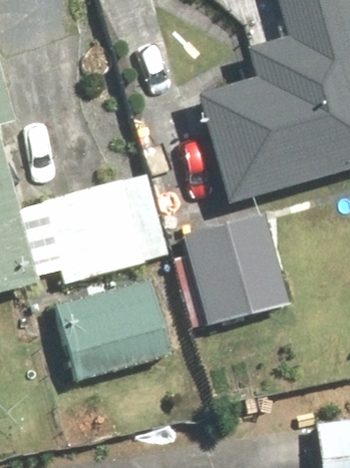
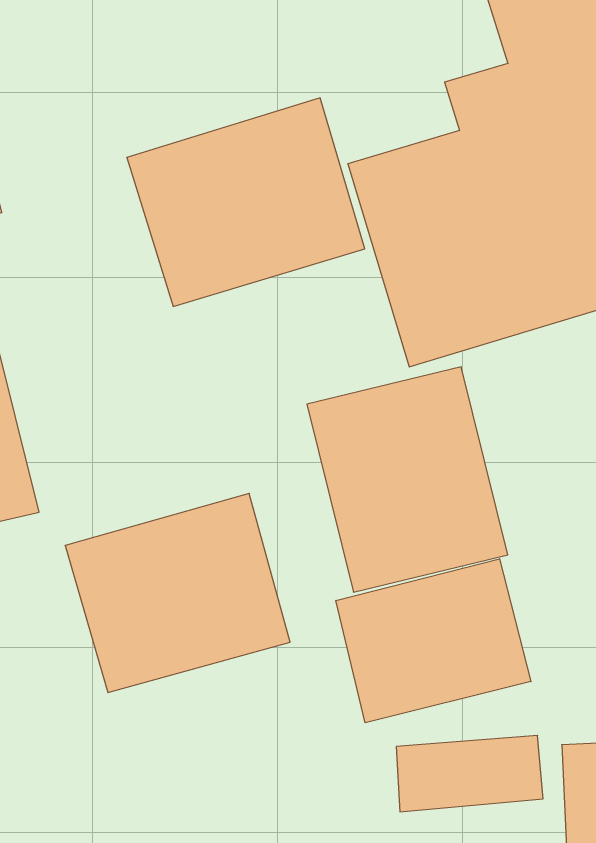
building: [40,171,168,284] -> [127,98,365,306]
building: none -> [336,559,531,723]

